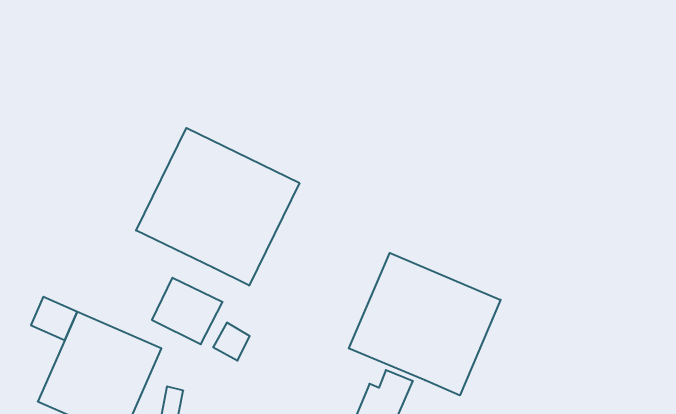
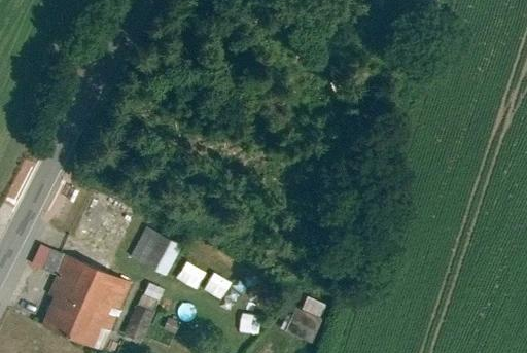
building: [136,128,299,286] -> none
building: [349,253,501,395] -> none

